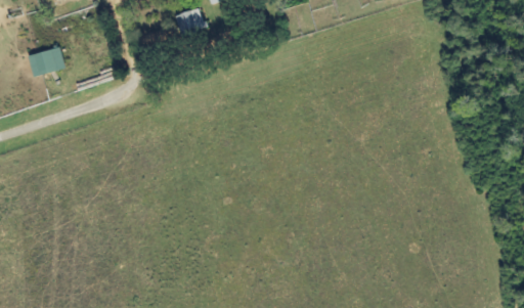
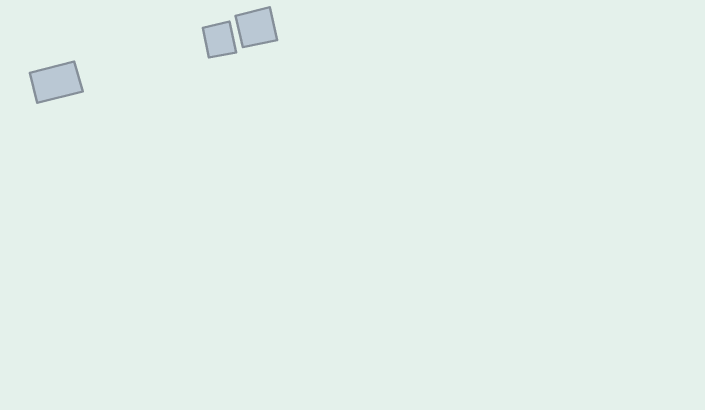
building: none -> [203,22,236,58]

